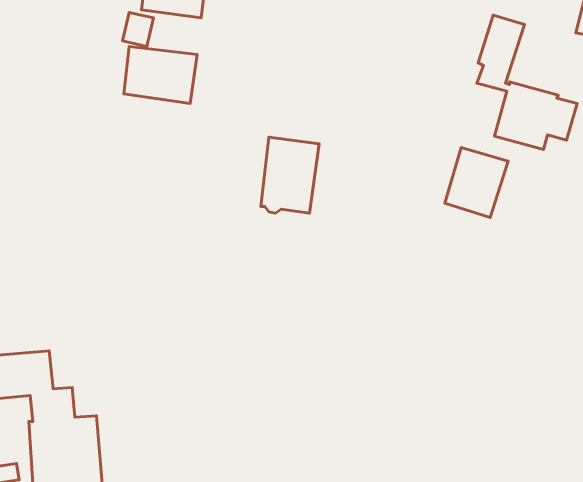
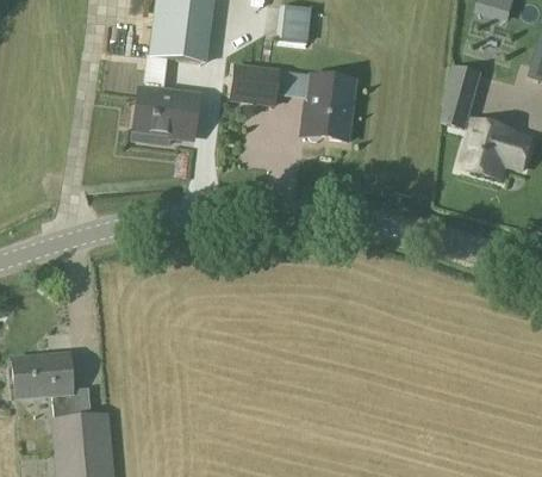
building: none -> [231,66,278,105]
building: [261,137,319,213] -> [304,75,355,142]
building: [445,147,508,218] -> none

